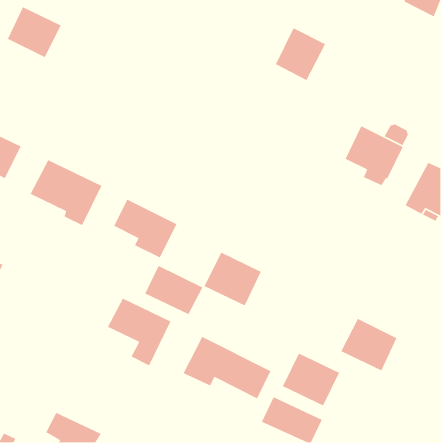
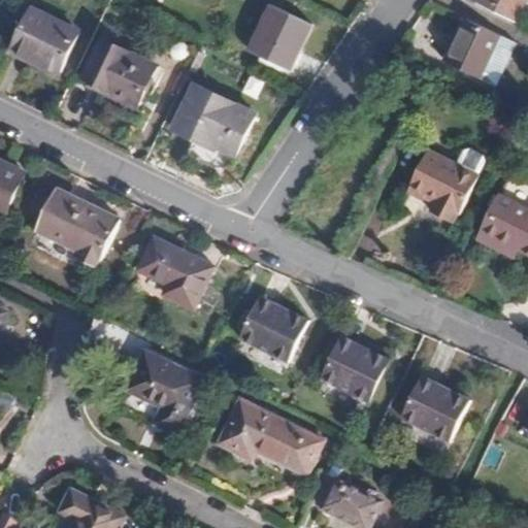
building: none -> [447,19,518,86]
building: [275,27,326,81] -> [245,4,306,68]
building: none -> [78,35,152,104]
building: none -> [169,81,250,152]
building: [144,265,204,315] -> none
building: [282,353,340,406] -> [322,337,391,401]

